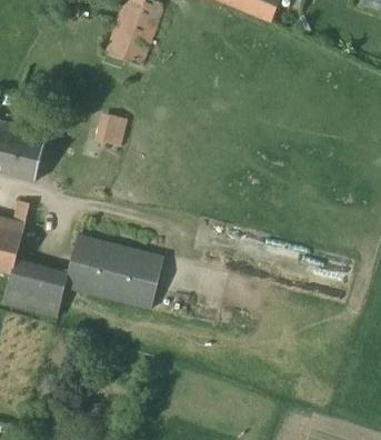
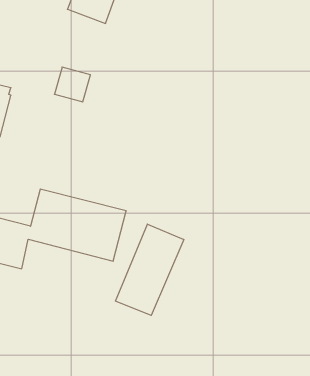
building: none -> [116,224,184,315]

